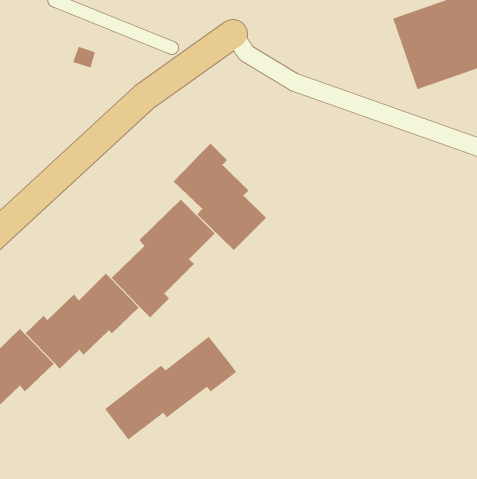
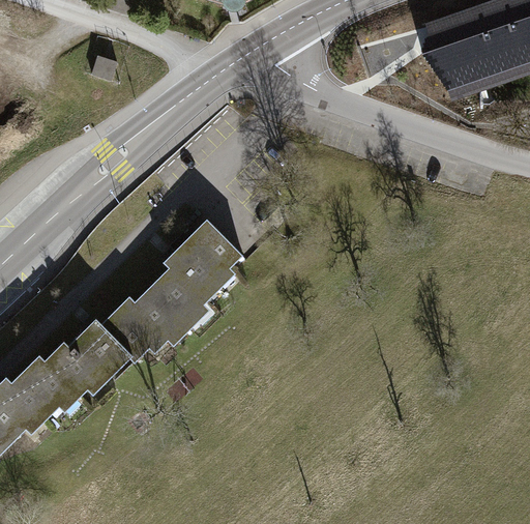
building: [173,143,267,251] -> none
building: [104,336,237,441] -> none

